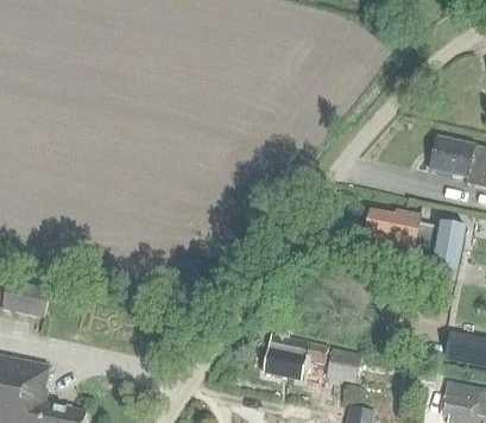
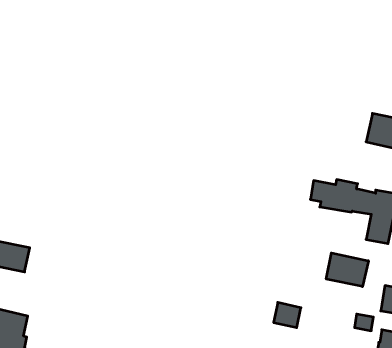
building: none -> [326,253,368,287]
building: [260,333,324,378] -> none

